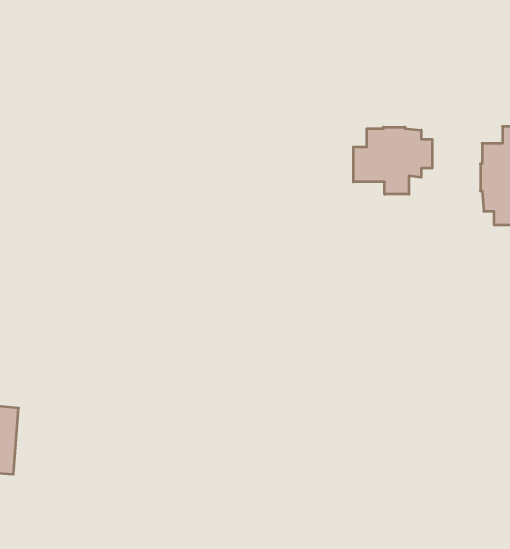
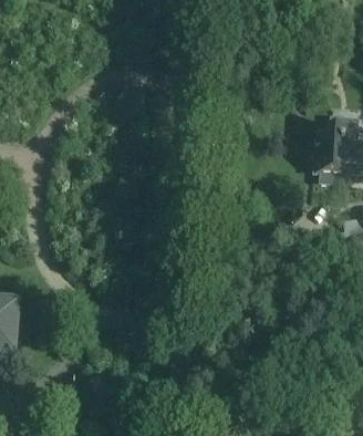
building: [353,127,432,194] -> none

